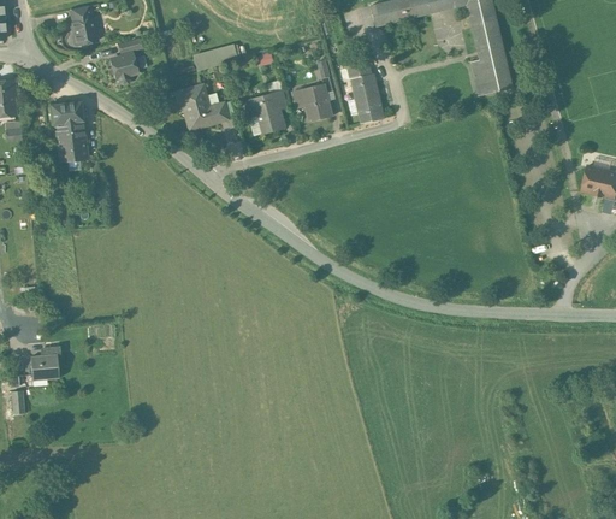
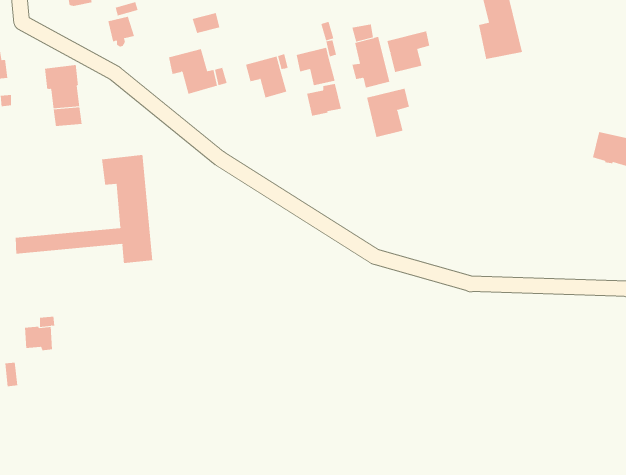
building: none -> [387,31,430,73]
building: none -> [307,83,342,116]
building: none -> [366,88,410,138]
building: none -> [15,154,153,264]

